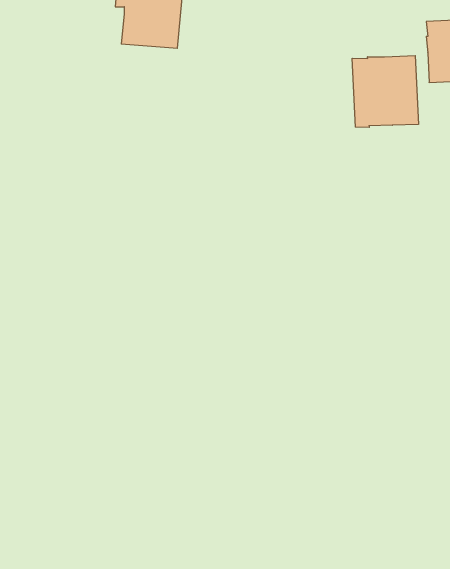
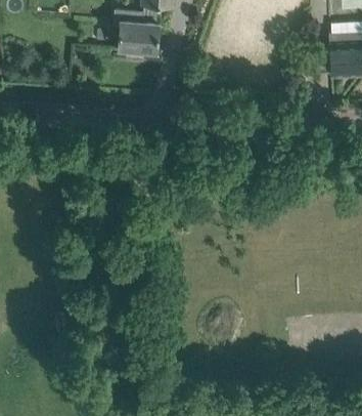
building: [352,56,418,127] -> none

